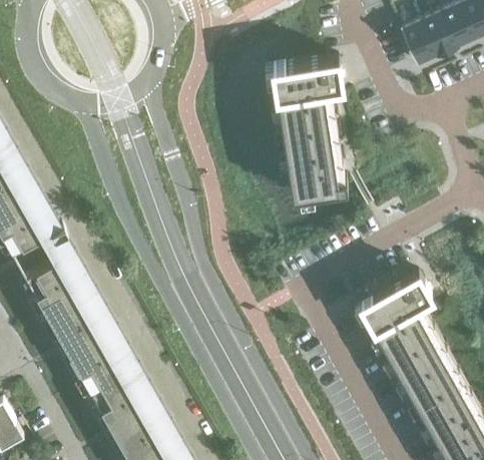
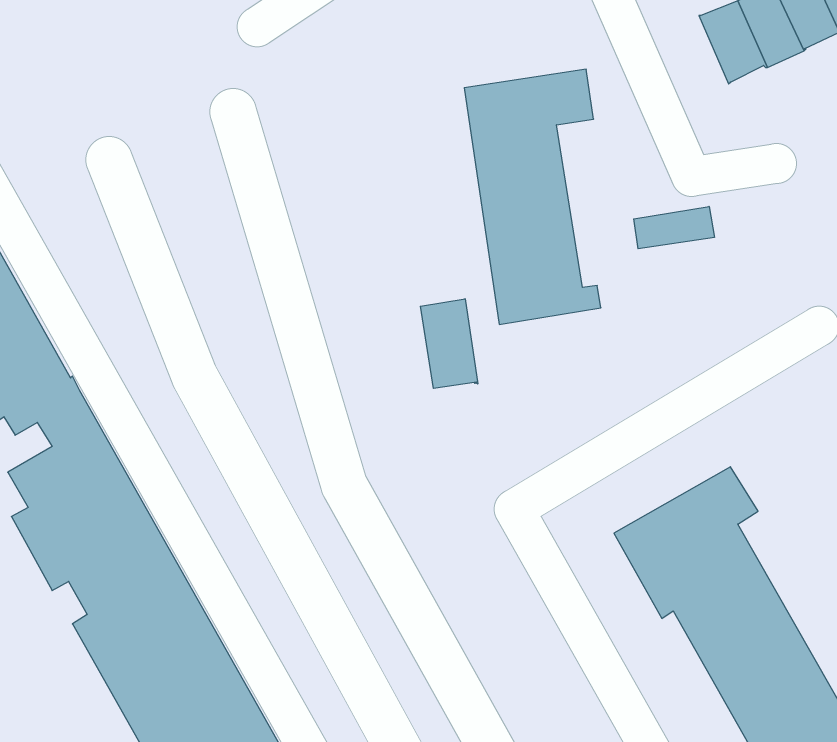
building: none -> [634,206,714,249]
building: none -> [420,299,478,388]

